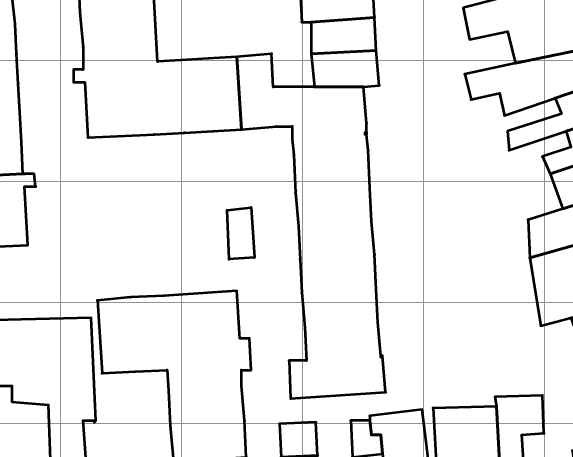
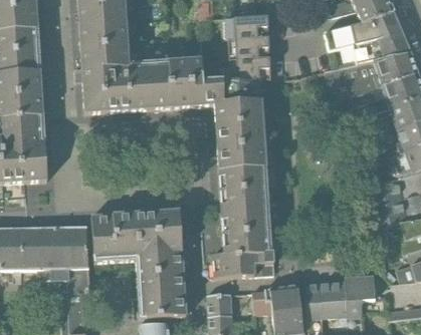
building: [227,207,254,259] -> none

